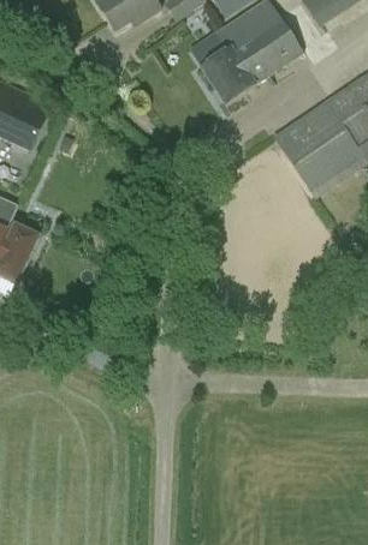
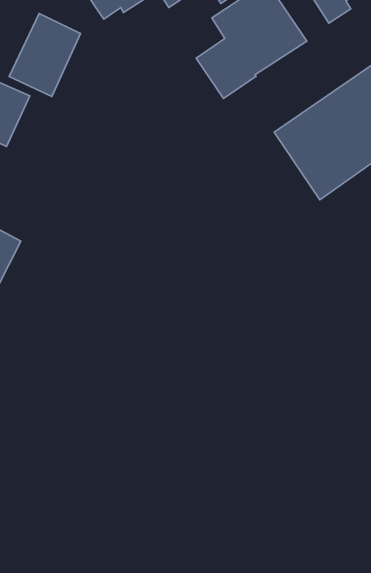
building: none -> [9,14,80,96]

